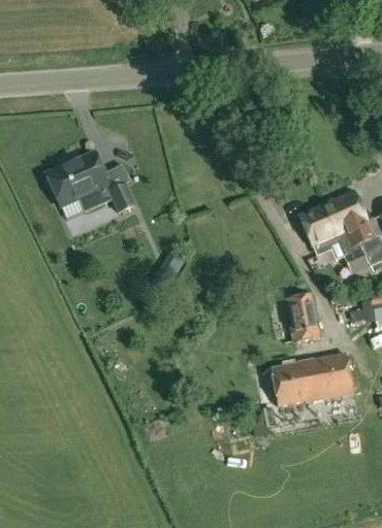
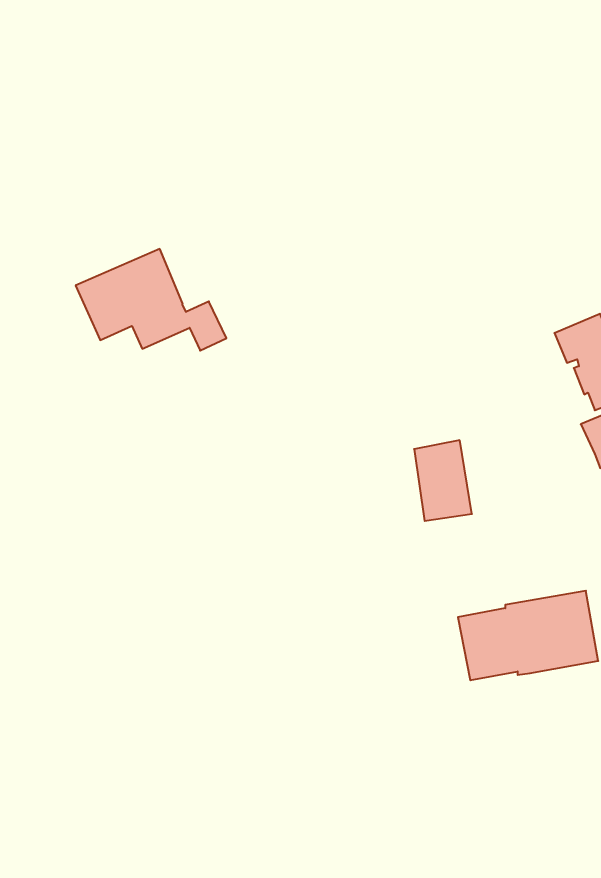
building: [298,201,345,248] -> none
building: [285,294,319,341] -> [414,440,472,521]

